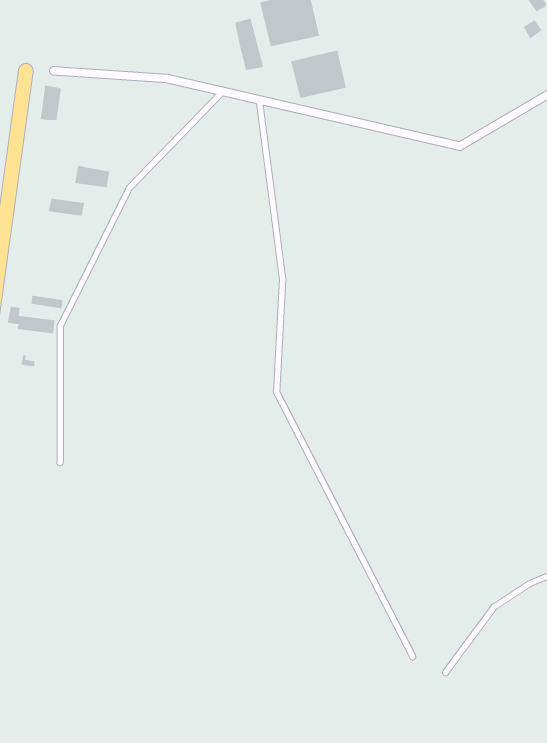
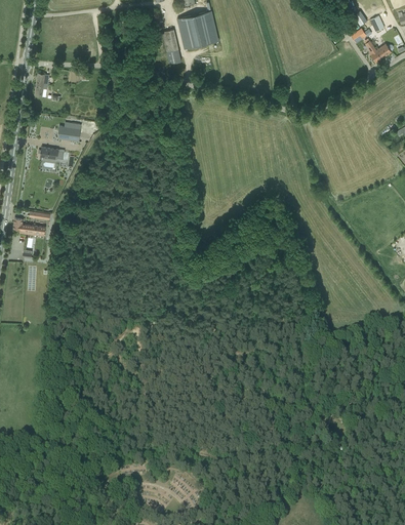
building: [290,50,347,99] -> none

